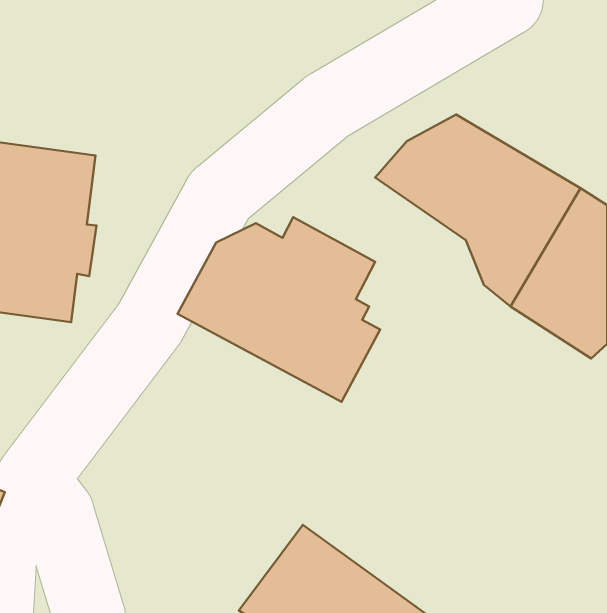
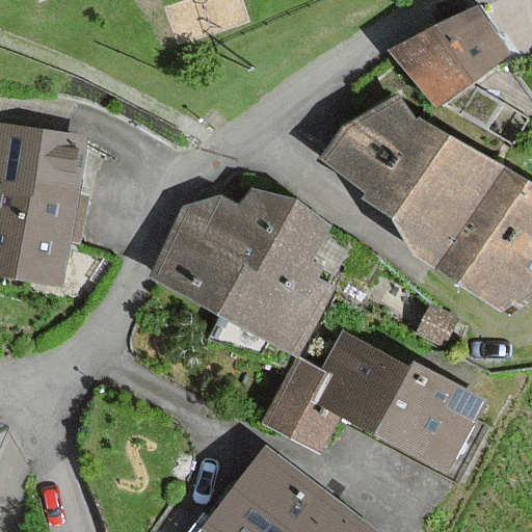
building: none -> [392,9,502,100]
building: none -> [264,330,479,470]

